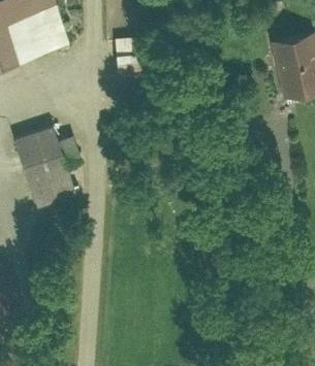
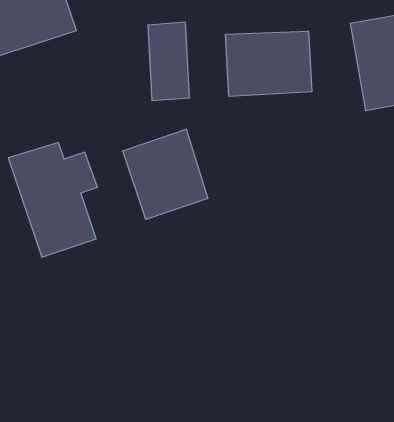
building: none -> [225,31,312,96]
building: none -> [123,129,208,219]

